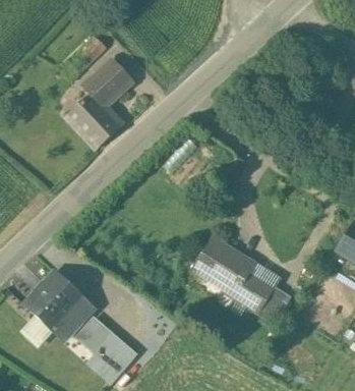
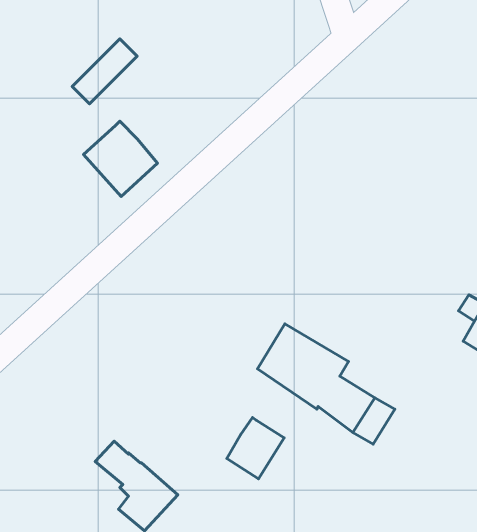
building: [86,63,133,106] -> none
building: [25,273,90,332] -> none
building: none -> [227,417,284,479]

